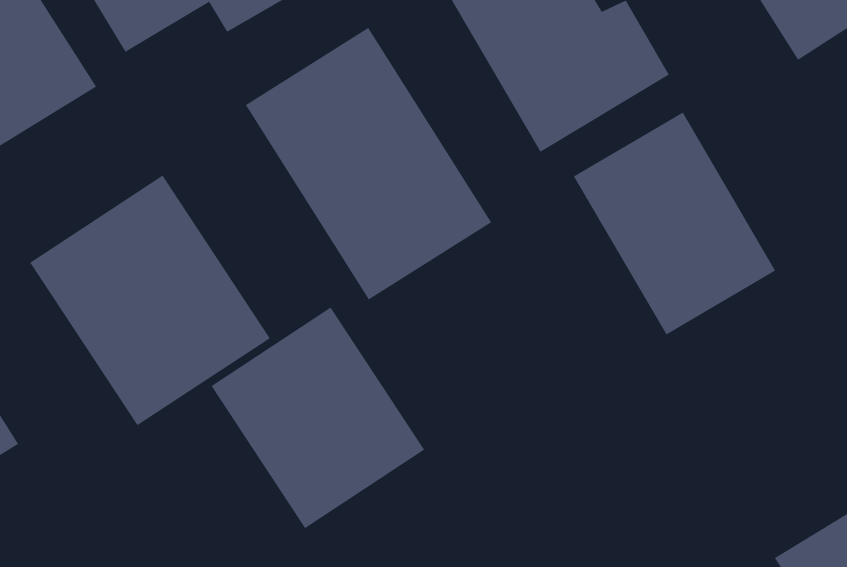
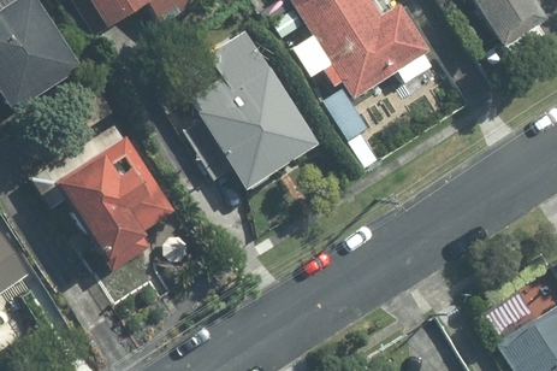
building: [573,111,776,336] -> none
building: [210,307,425,529] -> none

